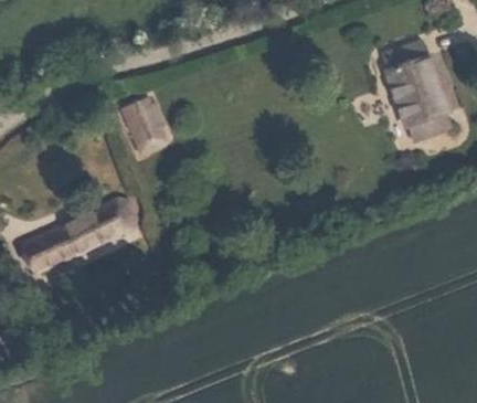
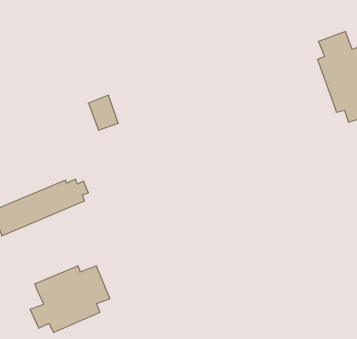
building: none -> [30,266,110,332]

